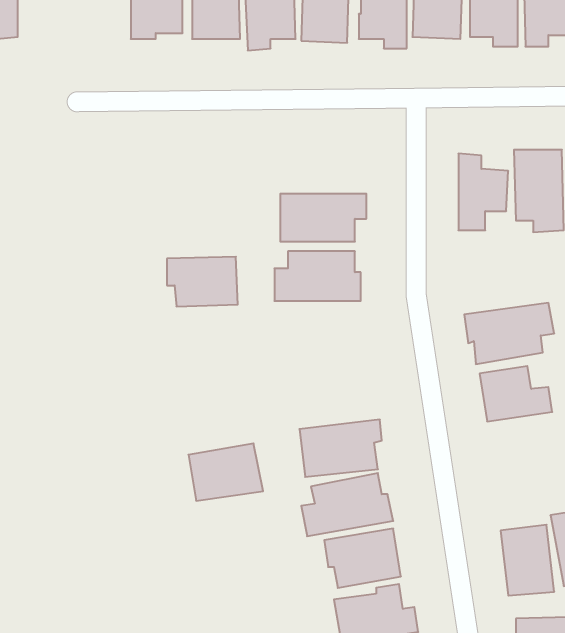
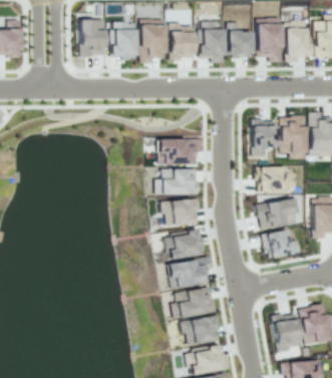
building: none -> [259,166,294,192]
building: [167,257,238,306] -> [162,200,200,226]
building: [188,443,263,501] -> [165,230,205,260]

